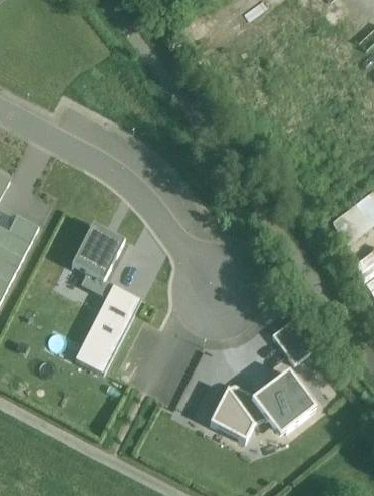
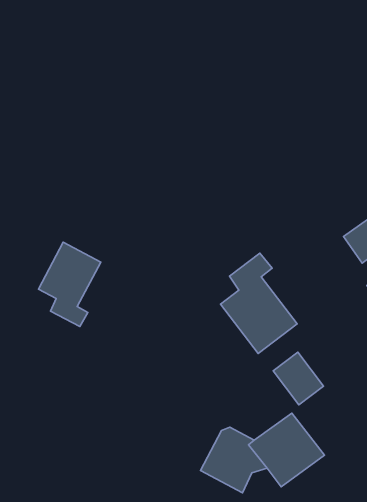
building: none -> [220,253,297,354]
building: [75,284,141,370] -> none

